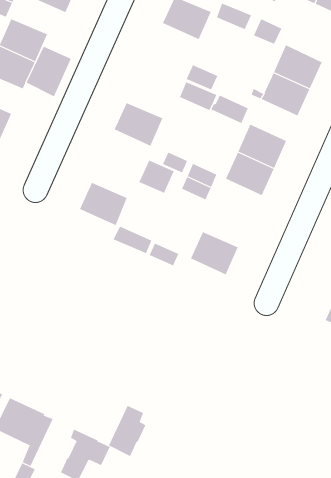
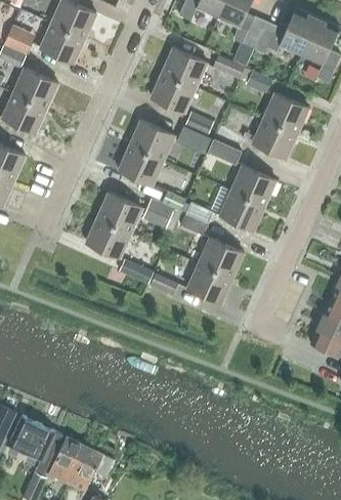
building: none -> [151,73,196,113]
building: [26,46,72,97] -> none
building: none -> [129,120,174,160]
building: none -> [97,193,141,233]
building: none -> [199,238,243,278]
building: [108,405,146,457] -> [48,436,83,484]

